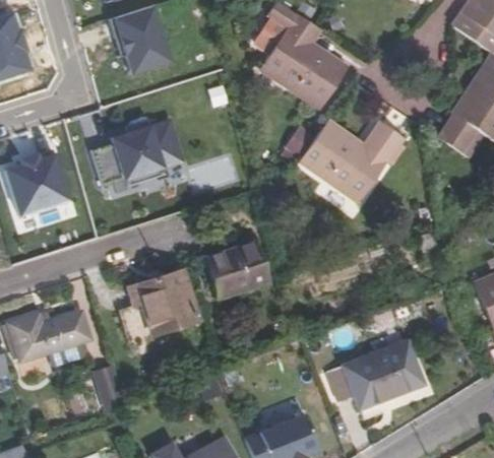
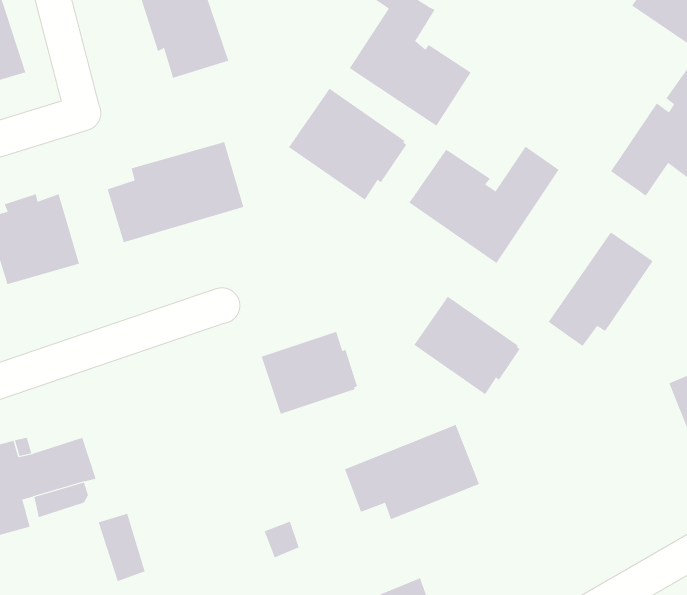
building: none -> [288,88,407,201]
building: none -> [548,232,653,347]
building: none -> [413,296,520,395]
building: [117,272,193,345] -> none
building: [332,343,425,408] -> [344,424,480,520]

